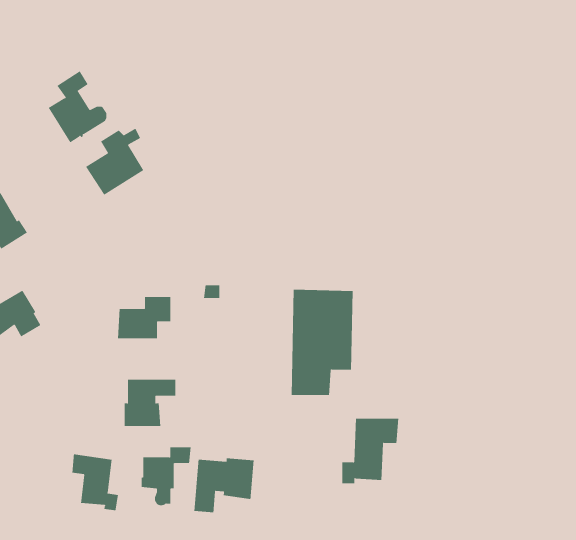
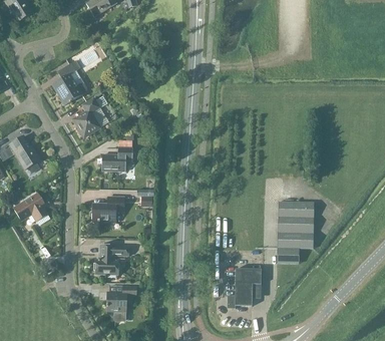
building: none -> [102,146,133,169]
building: [291,289,353,395] -> [277,199,314,262]
building: [72,454,118,511] -> none
building: [194,457,254,513] -> none

